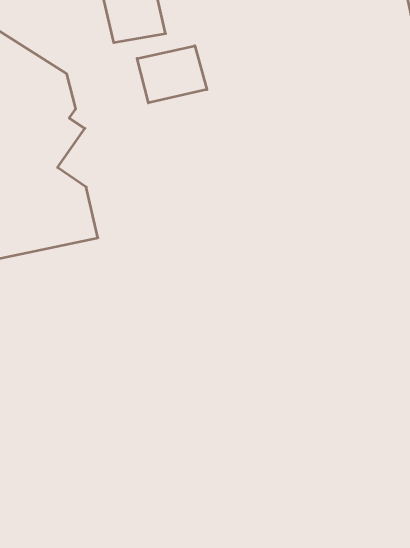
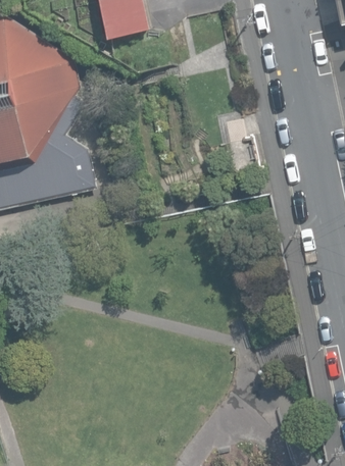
building: [137,46,207,103] -> none

